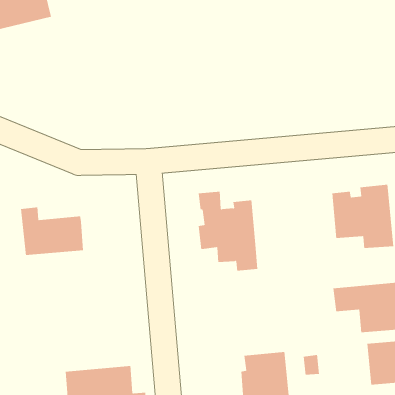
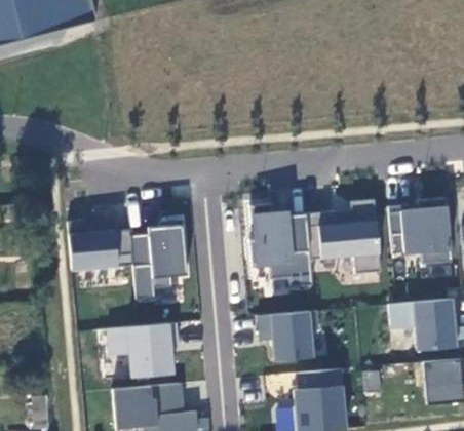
building: none -> [306,198,381,273]
building: none -> [129,219,186,299]
building: none -> [257,310,318,360]
building: none -> [107,323,177,378]

